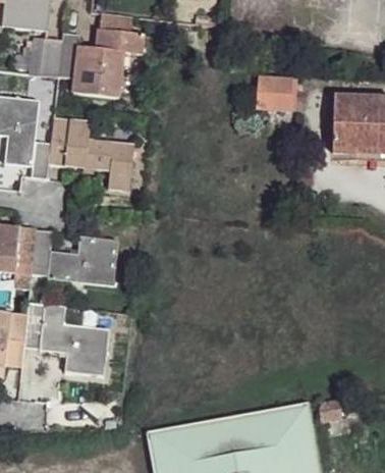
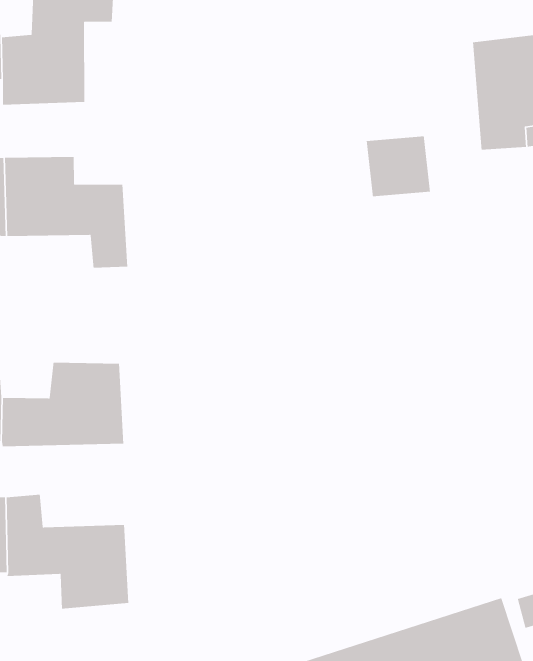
building: [258,74,291,108] -> [366,136,431,197]

